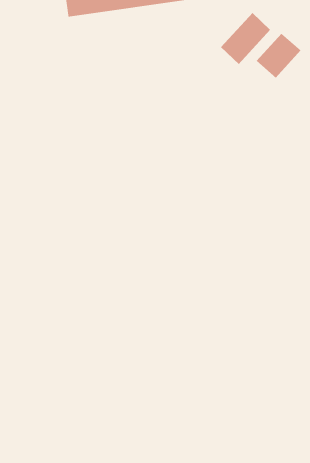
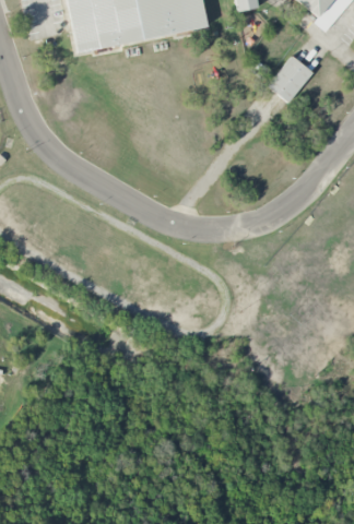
building: [220,12,271,65] -> none

